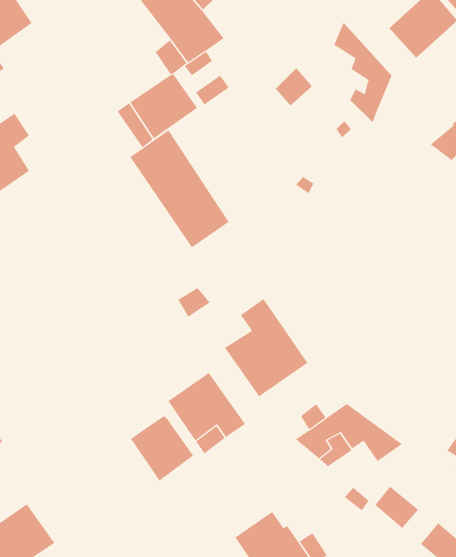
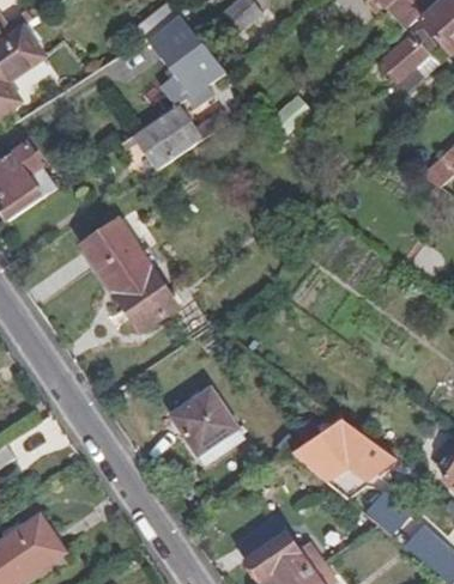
building: [334,22,392,123] -> none
building: [130,129,229,248] -> [83,219,177,331]
building: [224,298,308,397] -> none
building: [130,415,194,481] -> none

